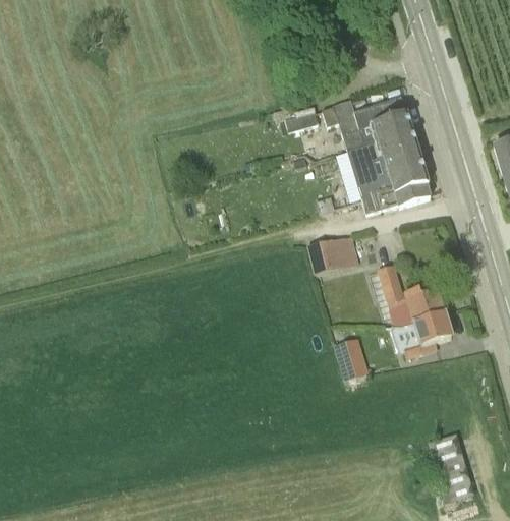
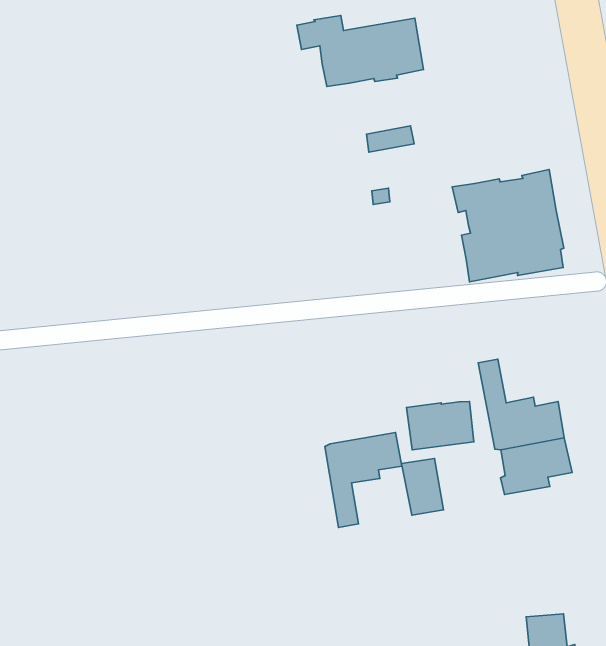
building: [322,96,412,150] -> [297,16,424,86]
building: [308,236,357,274] -> [407,402,474,450]
building: none -> [325,433,402,527]

